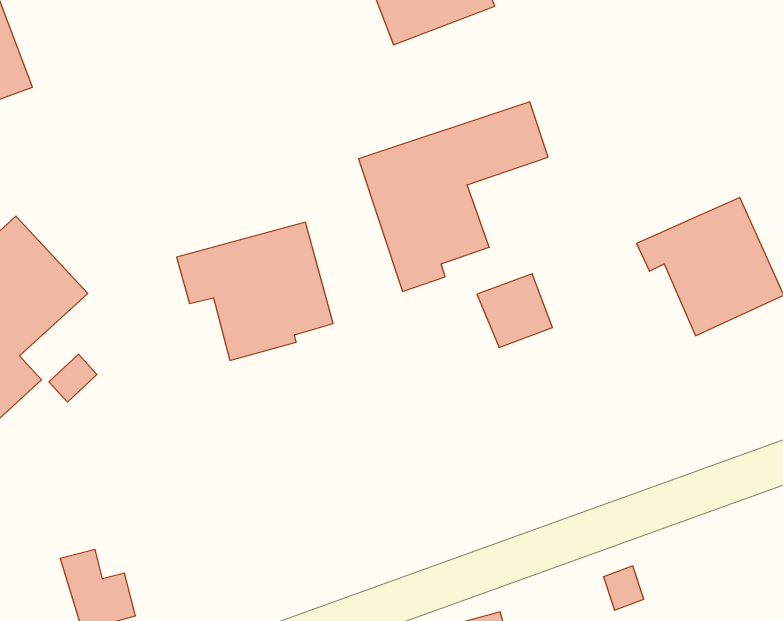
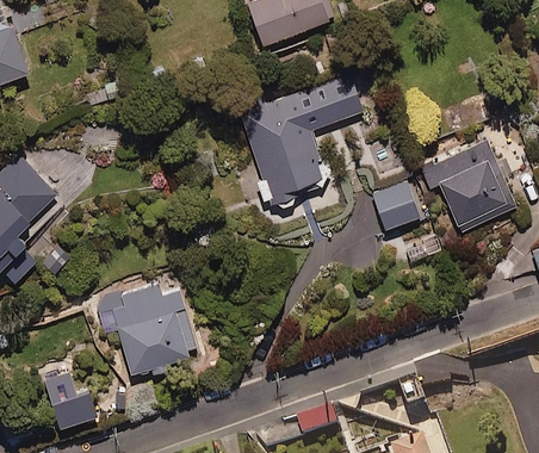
building: [177,222,333,360] -> [94,280,196,370]
building: [477,274,552,348] -> [371,180,420,228]

